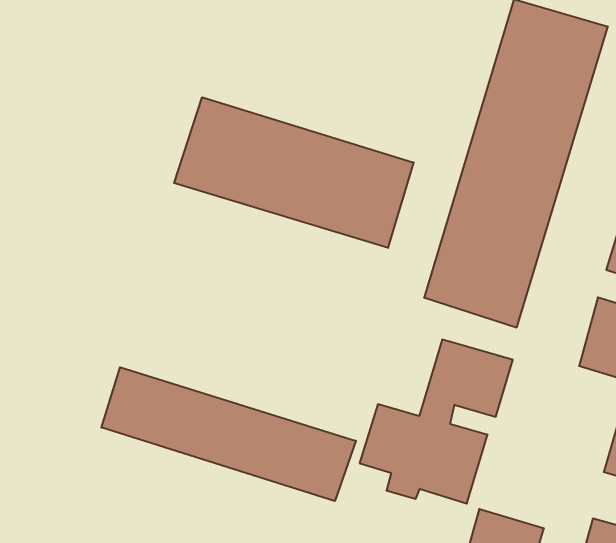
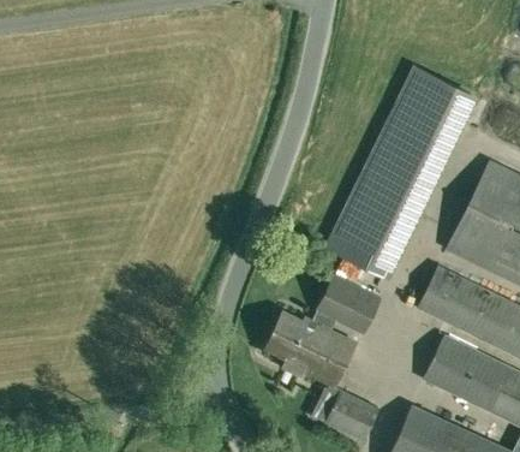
building: [174,97,414,248] -> none
building: [101,367,356,501] -> none

